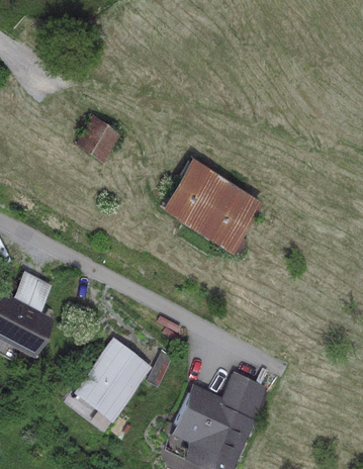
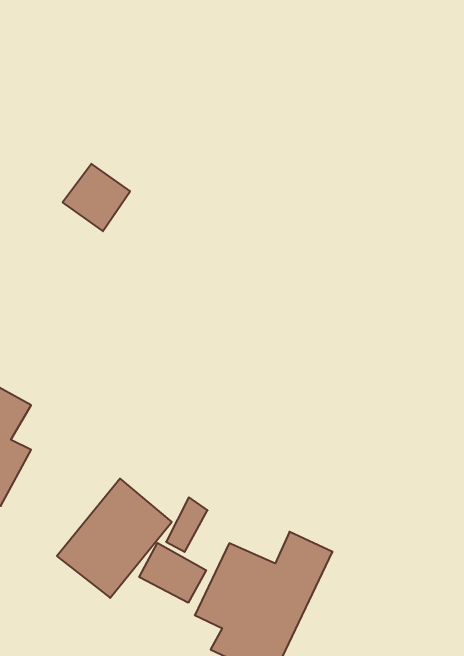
building: [157,156,261,257] -> none
building: none -> [139,543,206,603]

